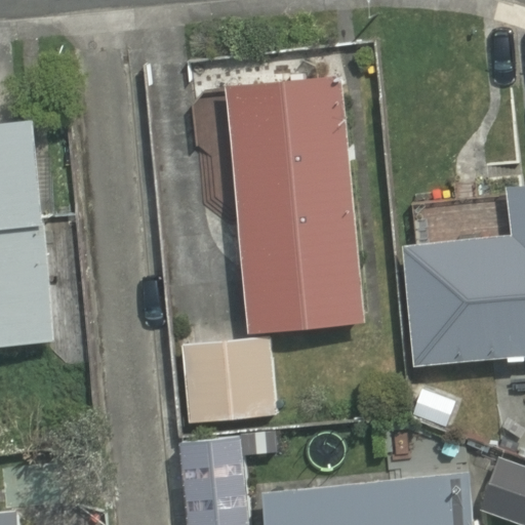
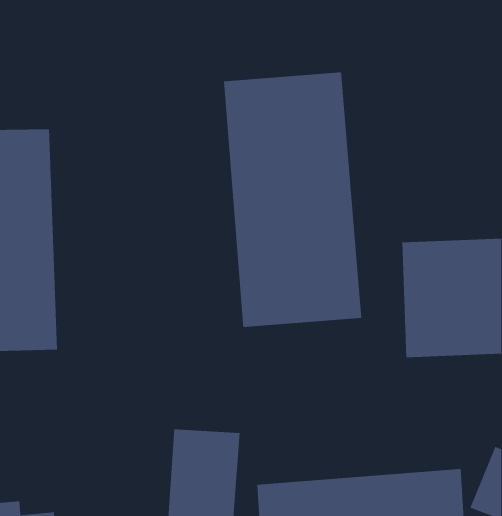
building: [175,339,279,418] -> none

